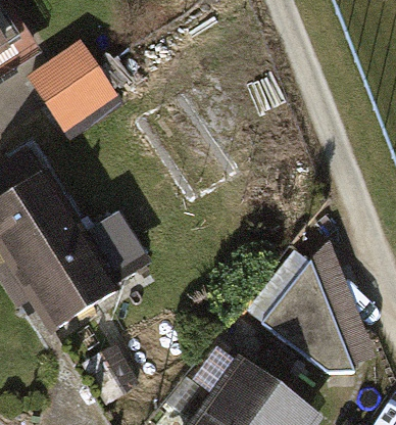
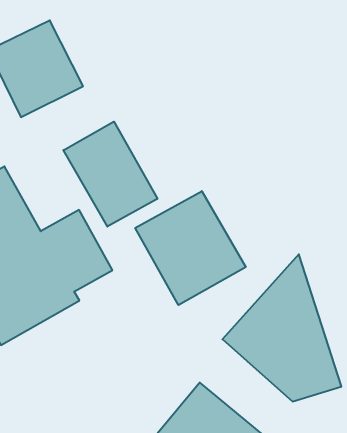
building: none -> [63,122,157,227]
building: none -> [135,191,246,305]

